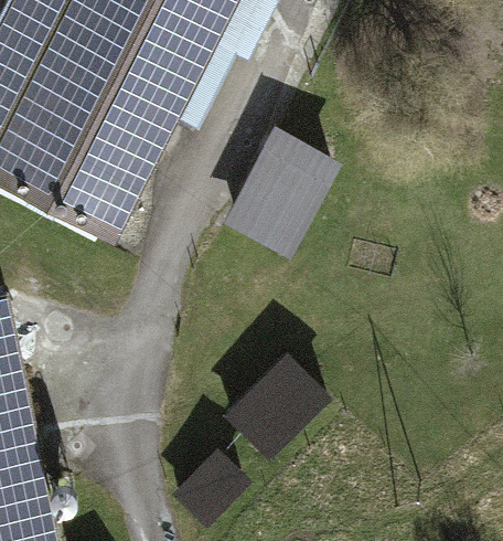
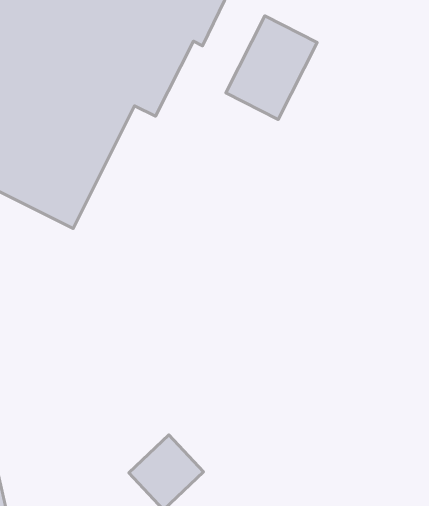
building: [232,136,322,238] -> [226,16,317,120]
building: [227,347,335,457] -> none

